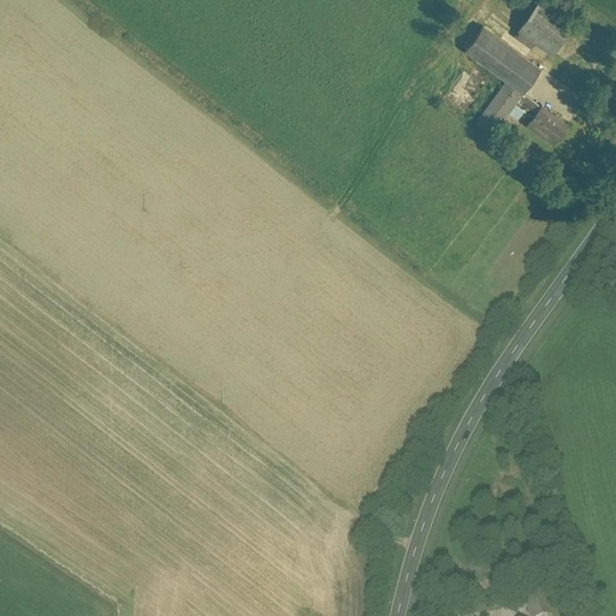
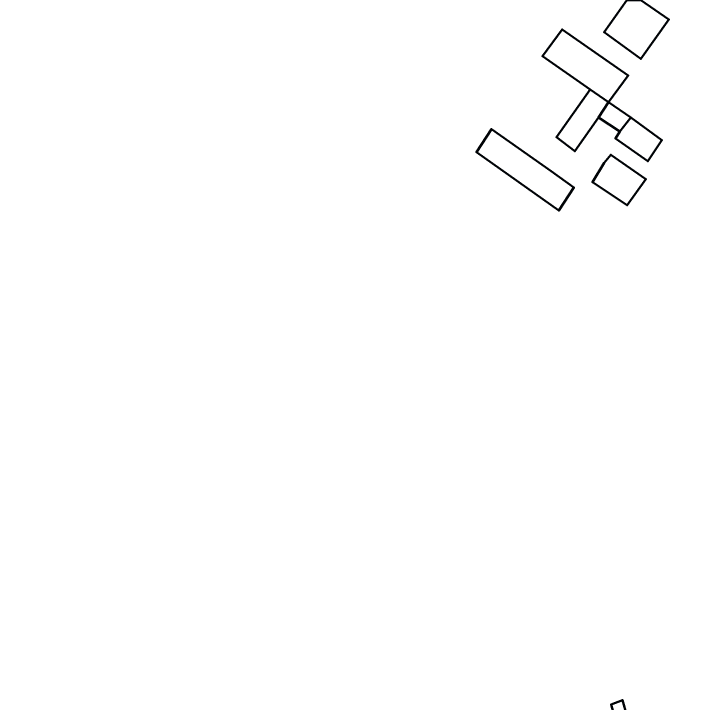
building: none -> [476,129,574,210]
building: none -> [592,155,646,205]

